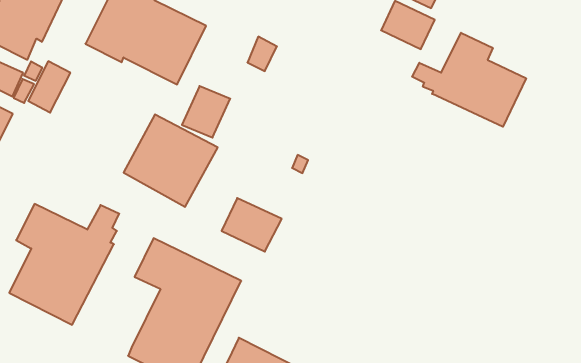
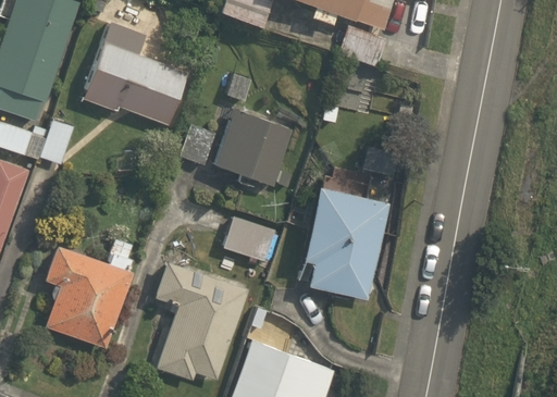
building: [412,33,526,127] -> none
building: [124,114,218,207] -> [214,110,294,187]
building: none -> [301,187,391,299]

